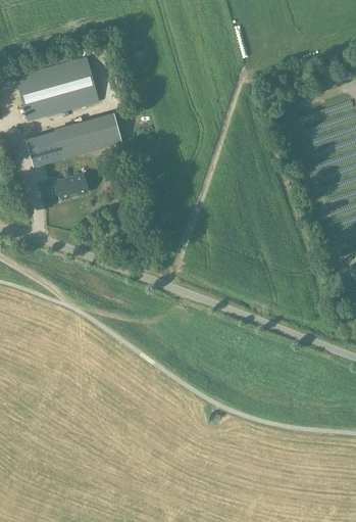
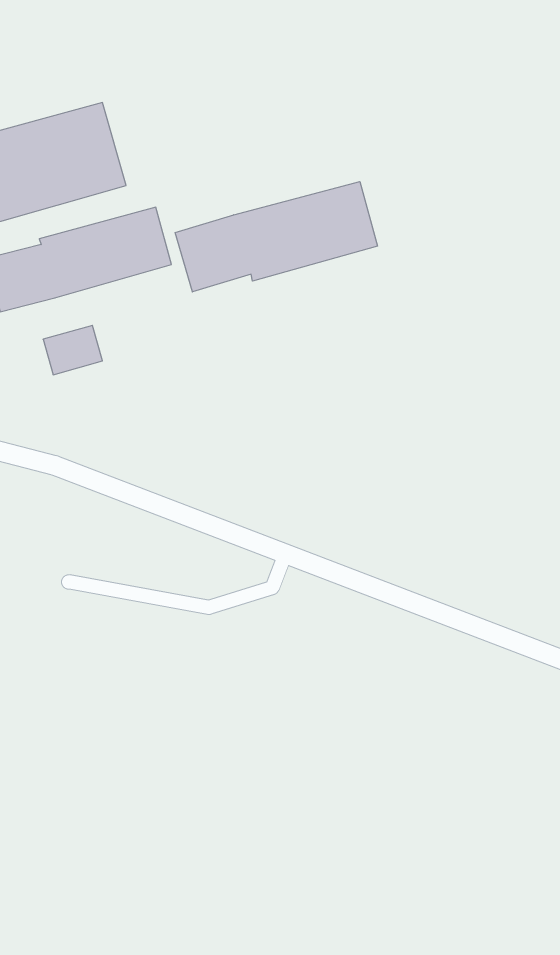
building: none -> [175,182,378,292]

